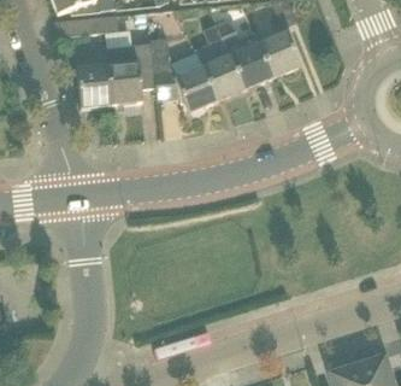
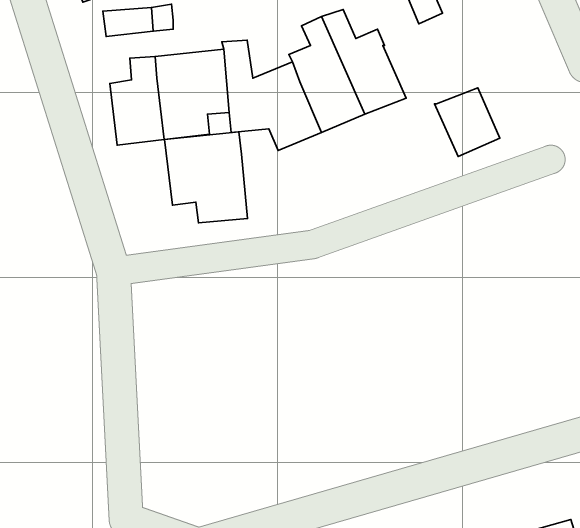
building: [256,30,300,76] -> [435,88,500,156]
building: none -> [164,132,247,223]

